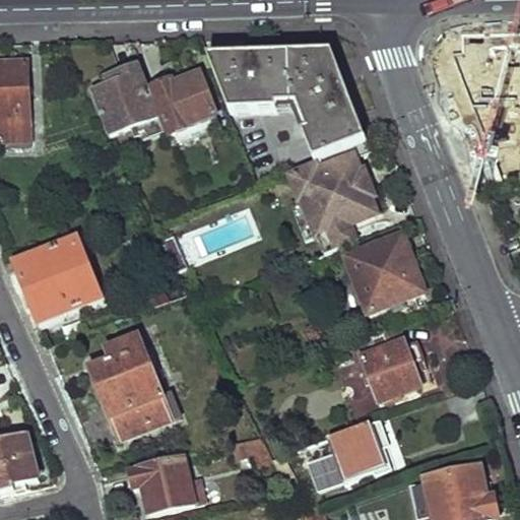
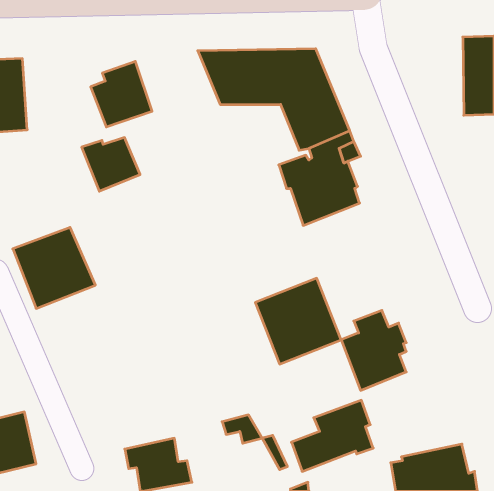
building: [152,73,213,129] -> [82,138,140,191]
building: [338,228,428,317] -> [255,278,341,364]
building: [92,336,180,441] -> none

